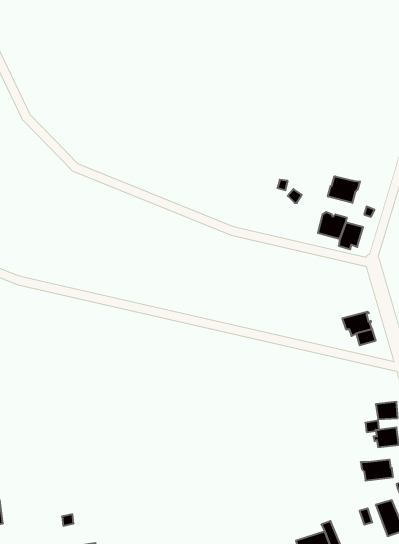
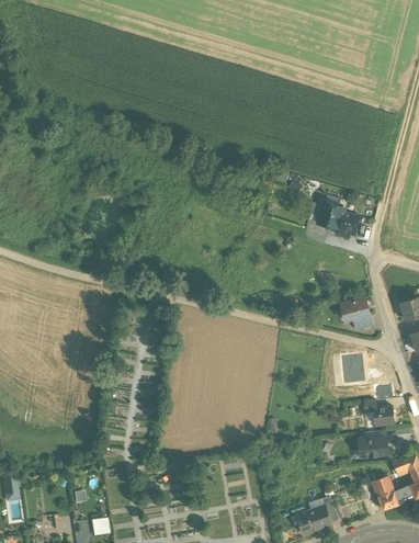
building: [328,176,360,203] -> none
building: none -> [341,353,364,383]

